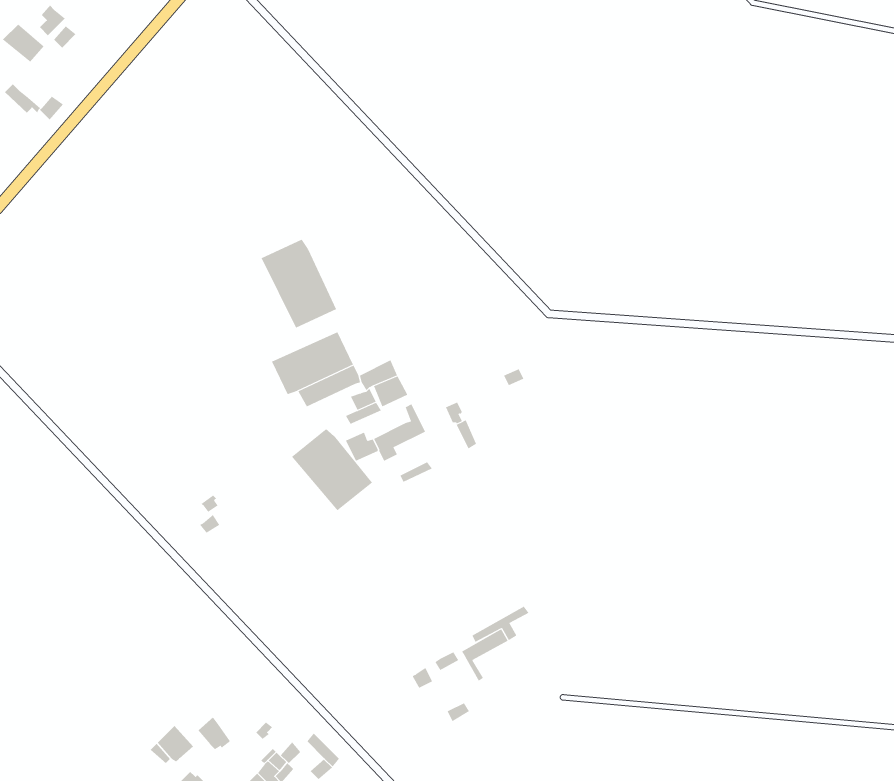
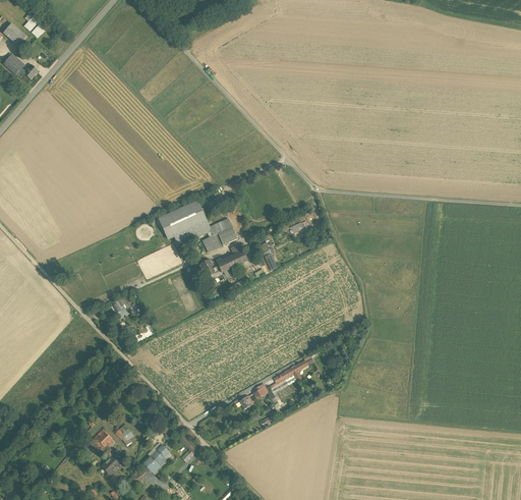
building: [261,239,337,329] -> none
building: [291,428,373,511] -> none

